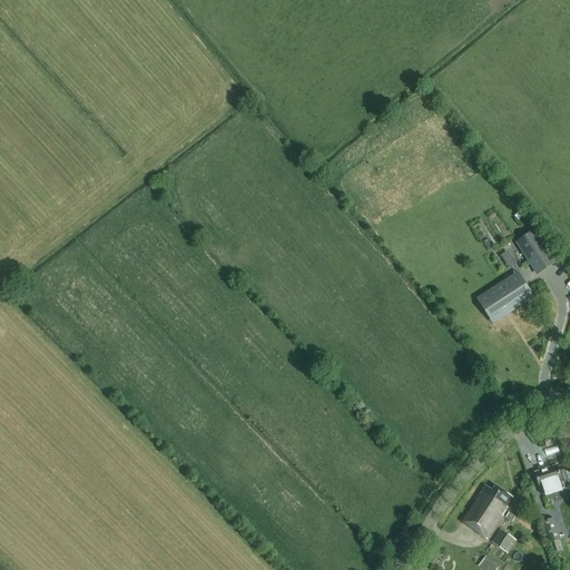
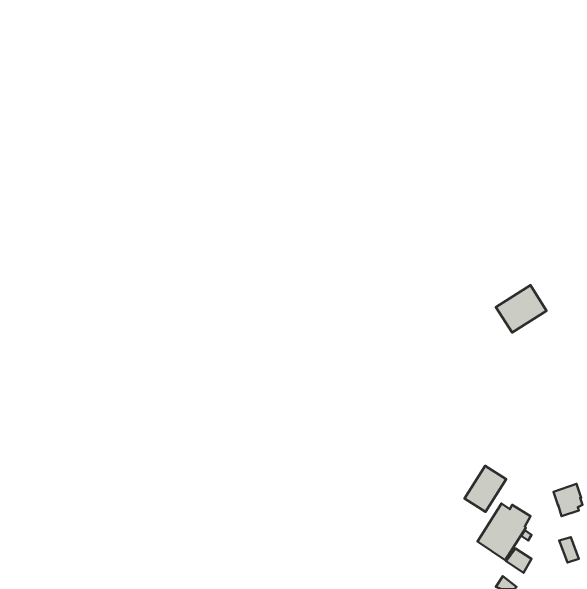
building: [514,232,554,274] -> none
building: none -> [465,466,506,512]

